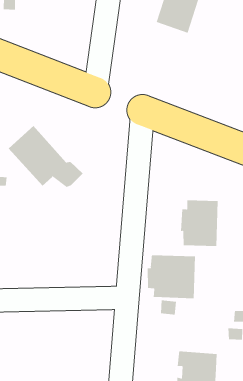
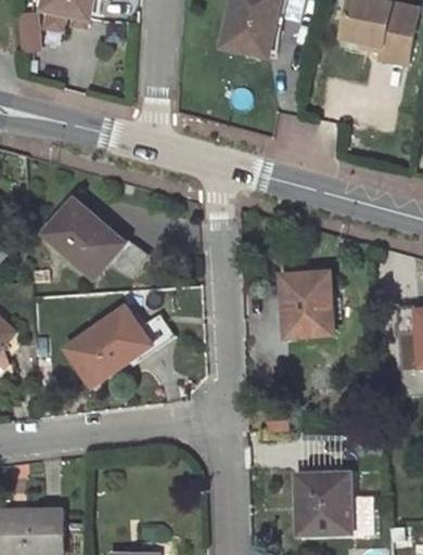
building: none -> [67,308,151,385]
building: [147,254,196,299] -> none

